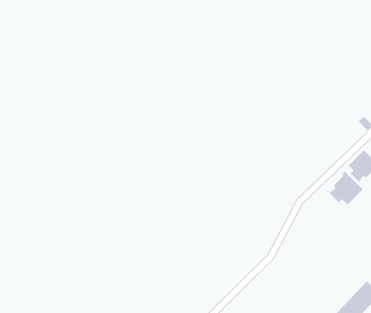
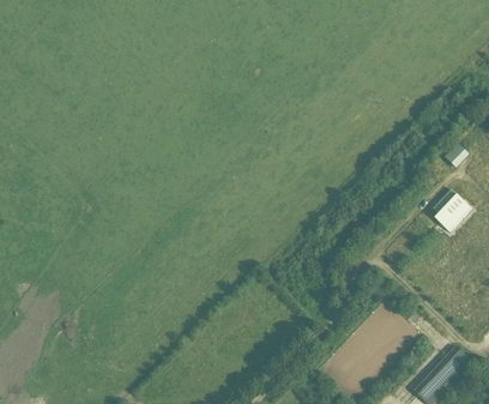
building: [325,170,364,206] -> none

